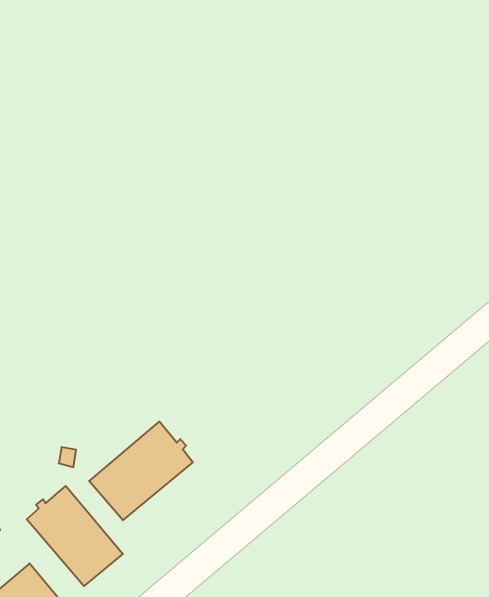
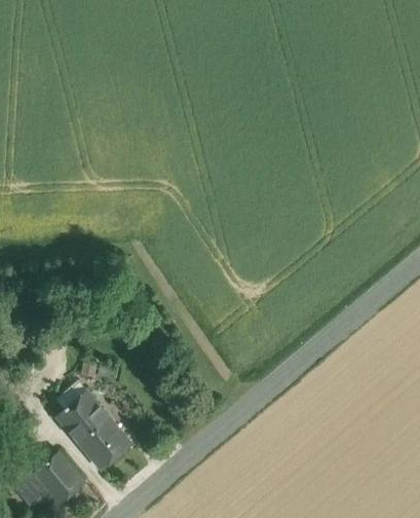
building: [89,422,193,520] -> none

